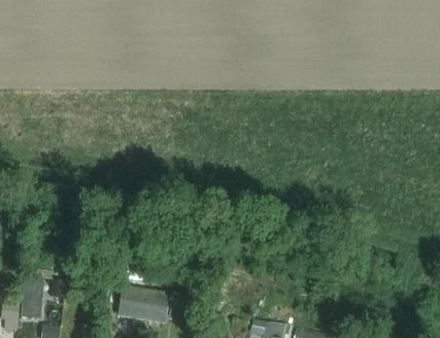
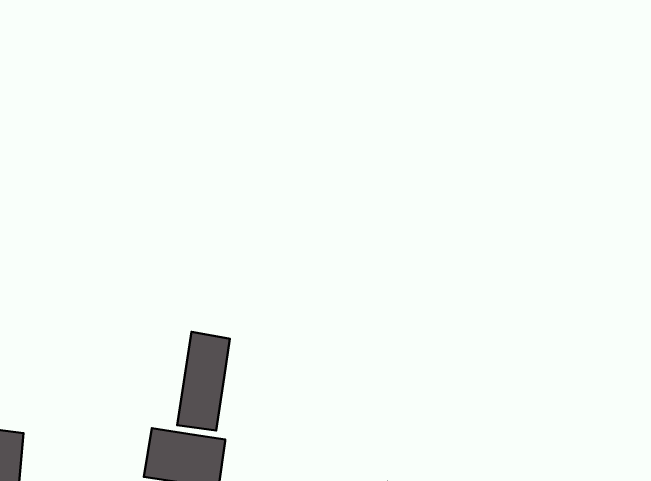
building: none -> [177,332,230,430]

